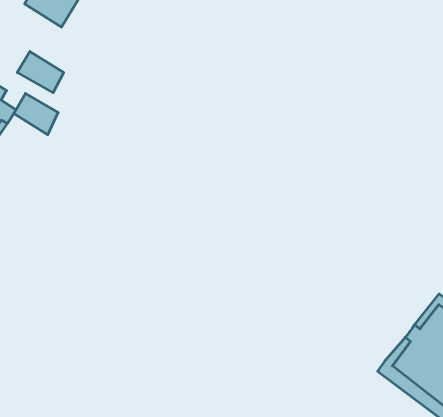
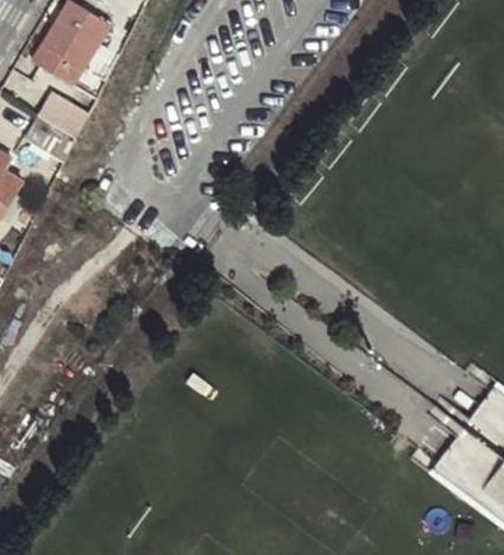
building: [14,93,58,135] -> [38,92,88,138]

